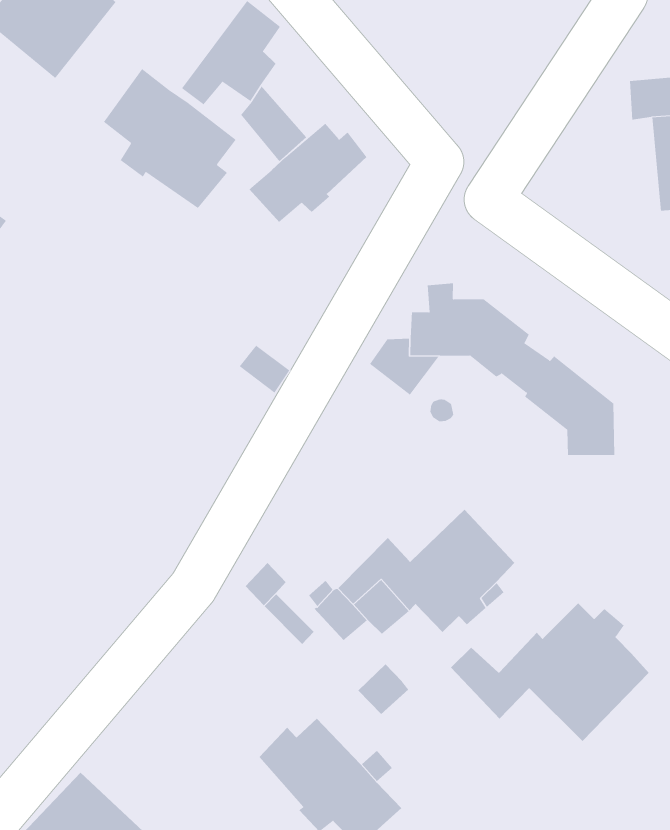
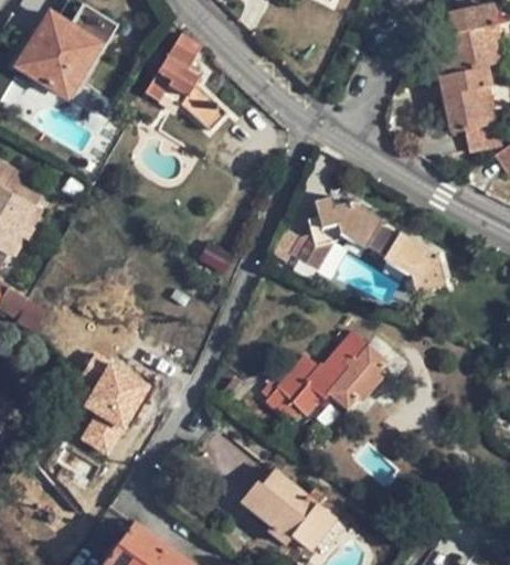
building: [103,68,236,209] -> none
building: [248,123,367,223] -> none
building: none -> [79,359,152,458]
building: [450,602,650,742] -> none

